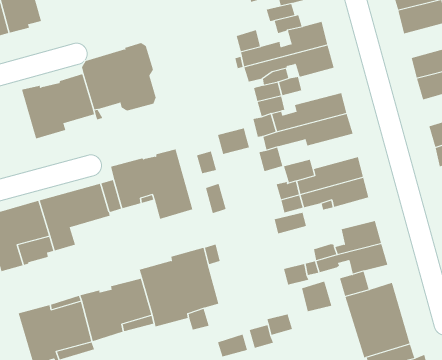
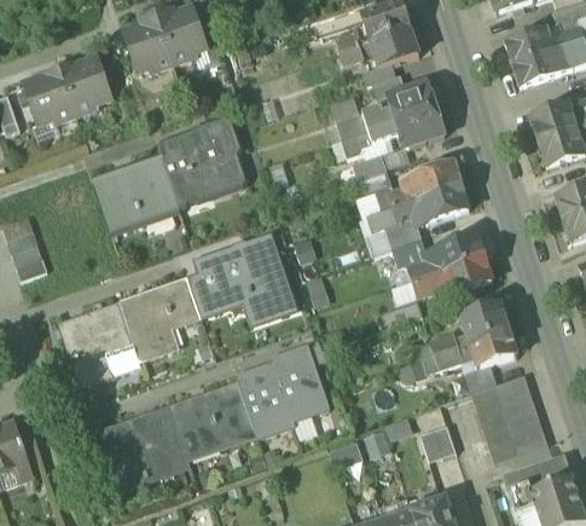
building: [217,128,250,154] -> [385,216,423,248]
building: [301,281,332,312] -> [420,423,457,459]

